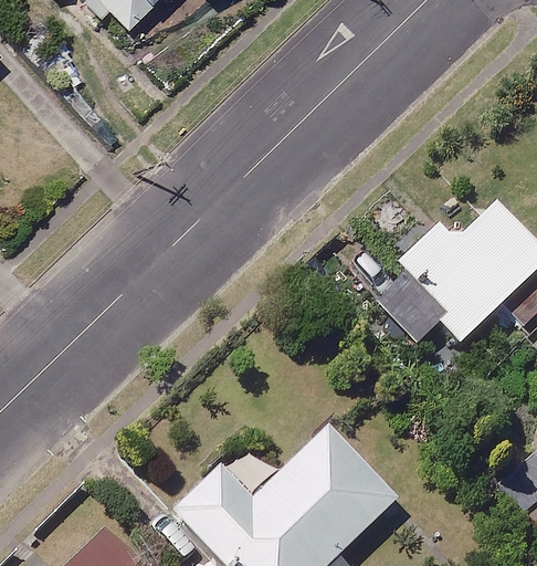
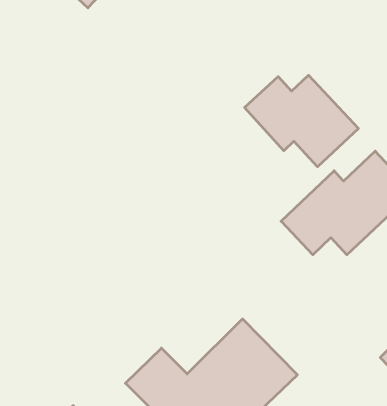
building: none -> [245,75,358,167]

